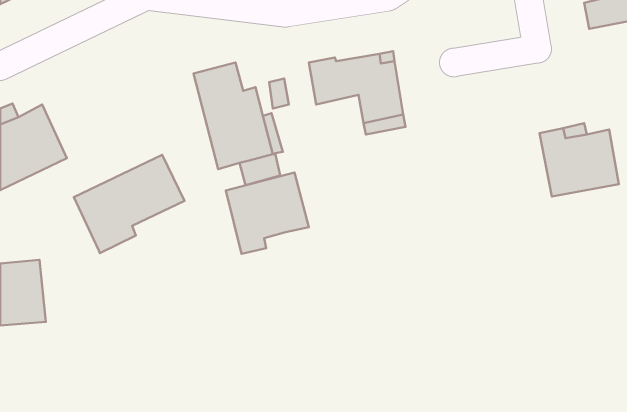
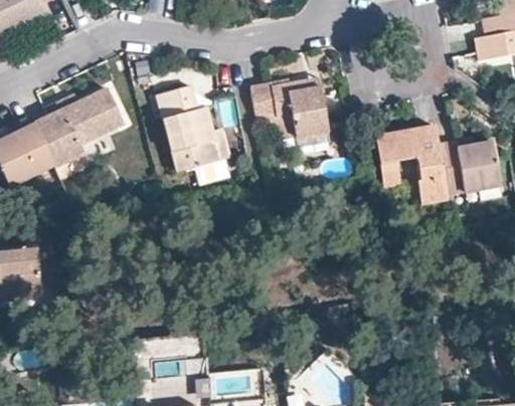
building: none -> [376,124,449,203]
building: [74,155,184,253] -> [34,85,124,165]
building: [226,173,309,254] -> none

